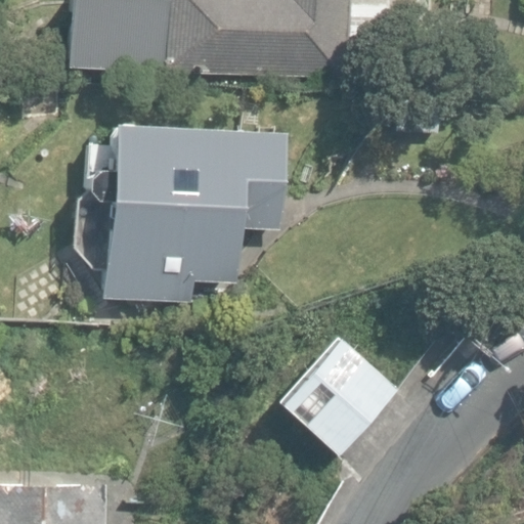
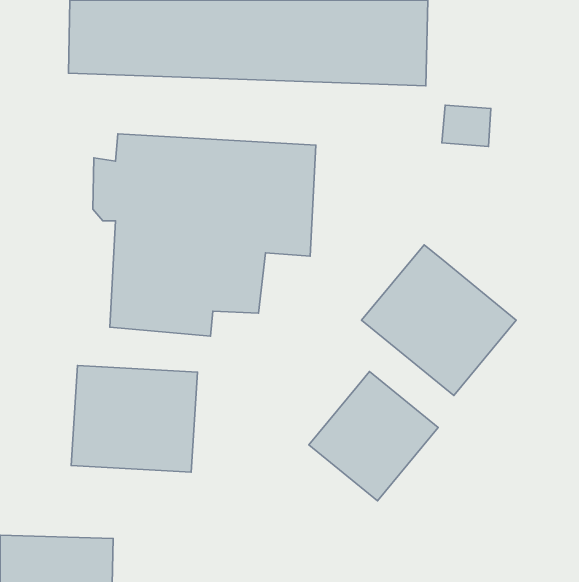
building: none -> [362,245,516,395]
building: none -> [71,366,197,472]

